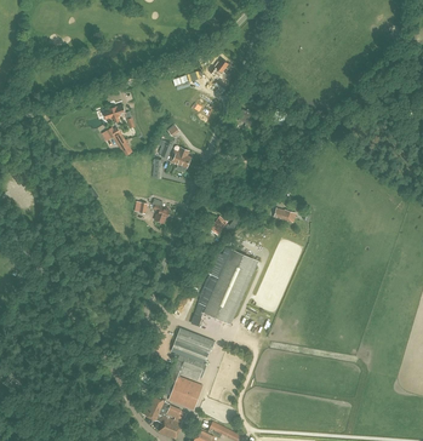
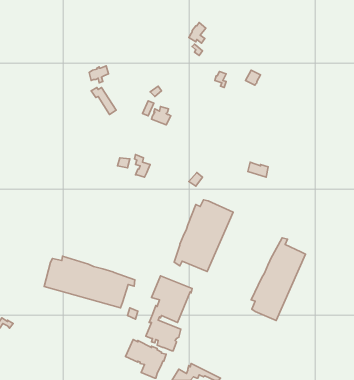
building: none -> [251,238,305,321]
building: none -> [44,256,135,308]

